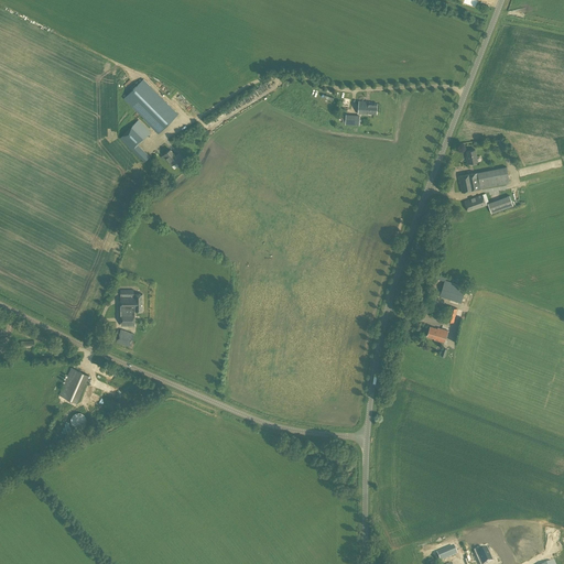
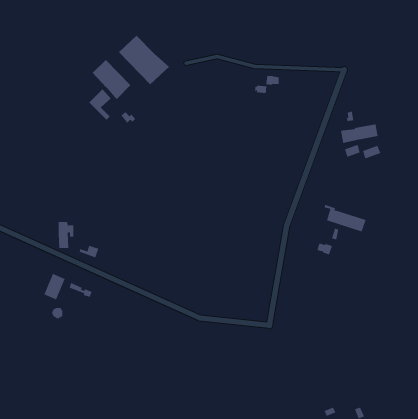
building: none -> [118,35,170,85]
building: [119,290,141,326] -> [58,222,74,249]

